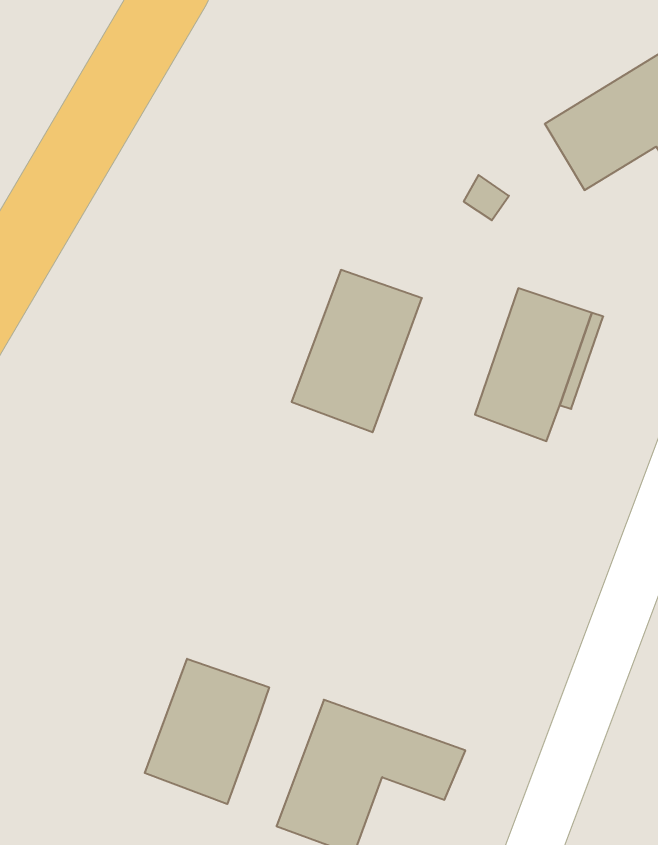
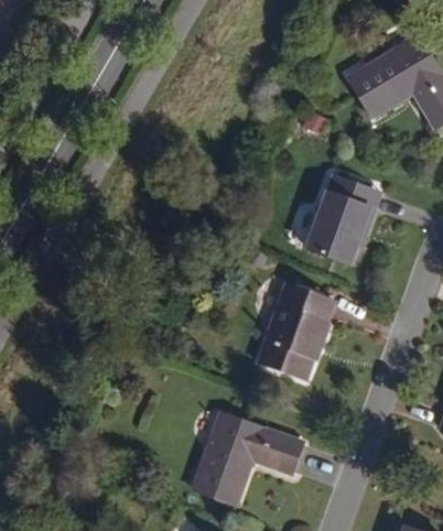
building: [292,270,422,432] -> [259,283,335,378]
building: [145,659,269,804] -> none

